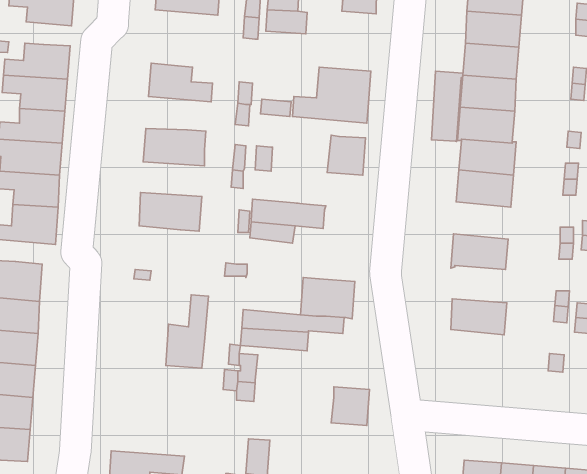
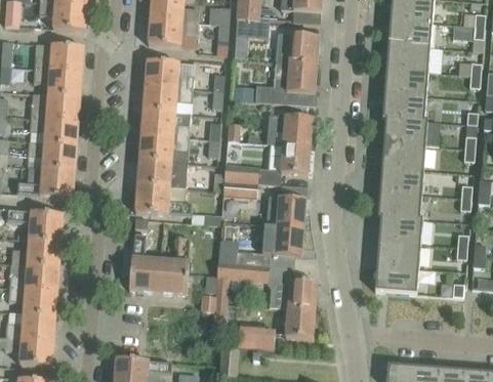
building: none -> [148,18,198,46]
building: none -> [276,33,319,66]
building: [431,71,463,141] -> none
building: none -> [142,85,193,111]
building: none -> [138,135,188,161]
building: none -> [269,142,310,174]
building: none -> [379,166,423,195]
building: none -> [135,184,192,216]
building: none -> [266,196,305,227]
building: none -> [378,215,422,244]
building: none -> [129,232,160,292]
building: none -> [375,264,418,294]
building: none -> [281,279,317,310]
building: none -> [238,328,275,346]

